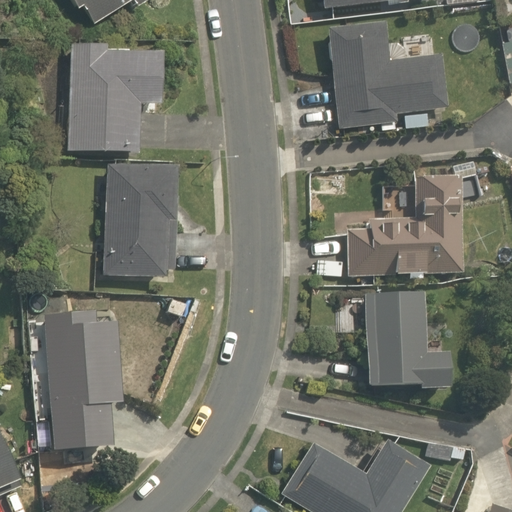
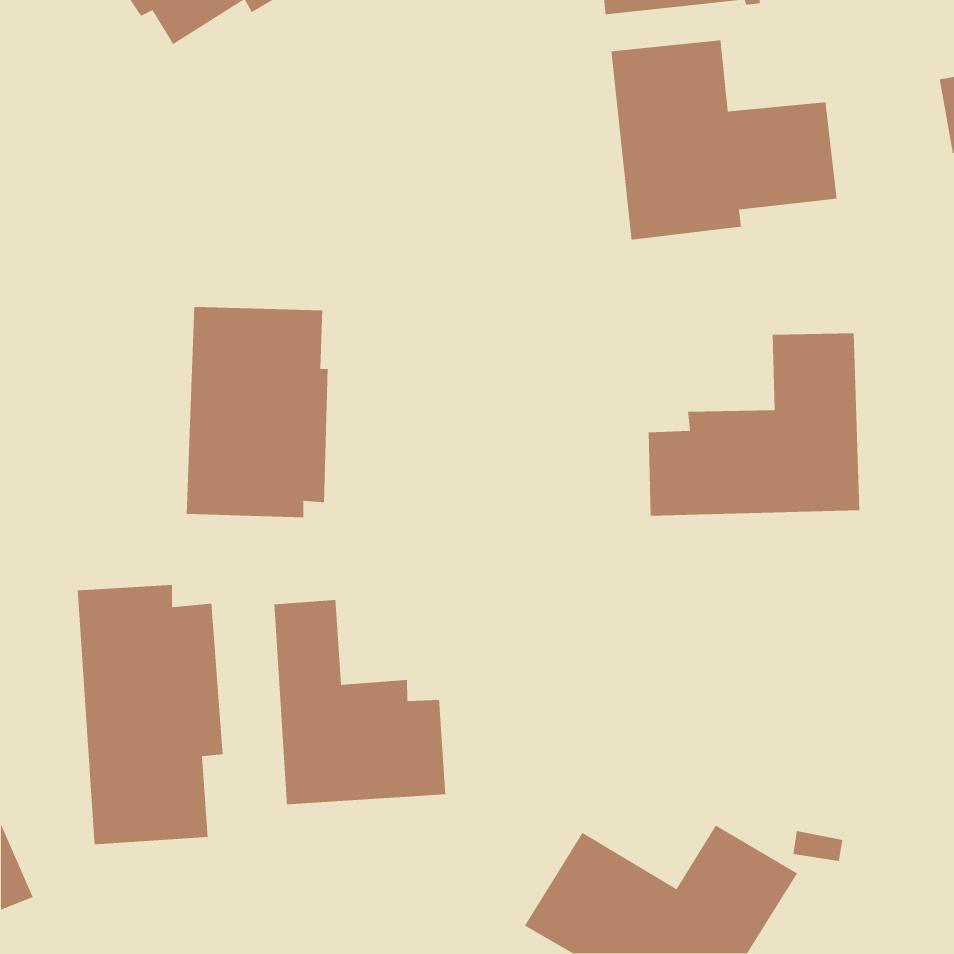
building: [69,44,162,153] -> none
building: [366,290,451,387] -> none
building: none -> [273,599,446,805]

